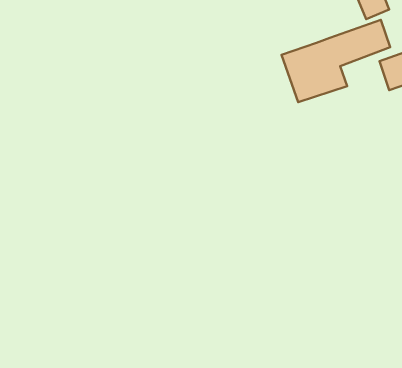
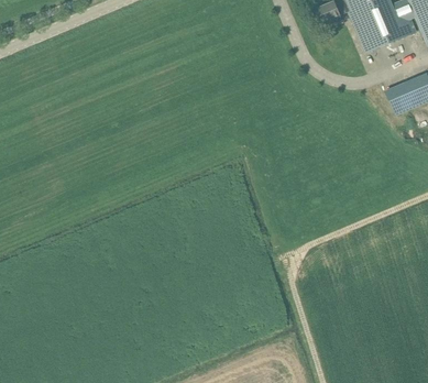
building: [282,20,390,102] -> none

